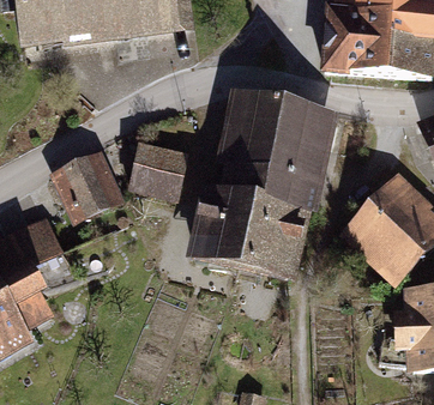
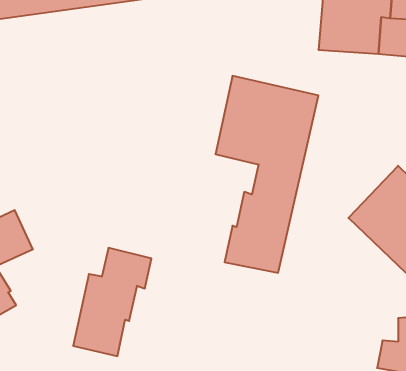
building: [131,146,185,197] -> none
building: [58,156,115,216] -> none
building: [198,165,270,265] -> [73,248,151,356]

